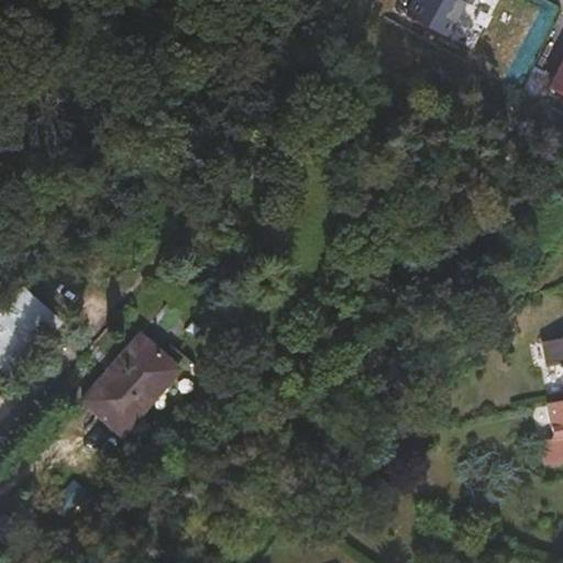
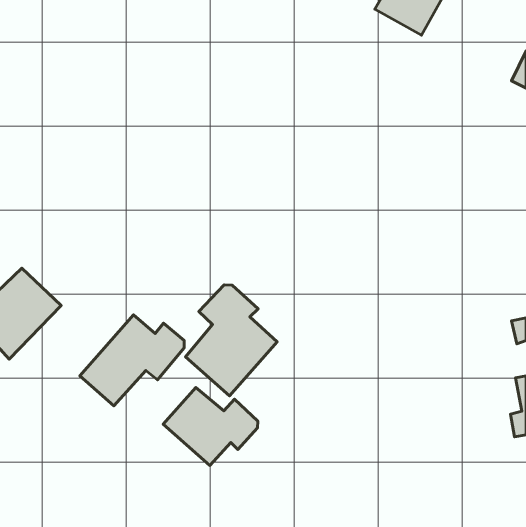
building: none -> [186,285,277,396]
building: none -> [163,387,258,465]

